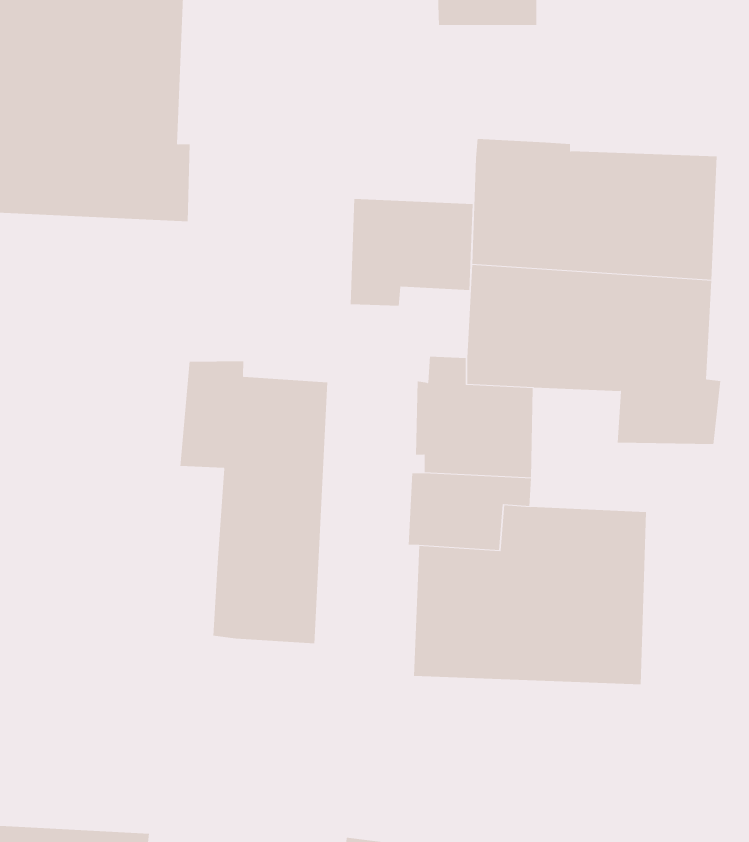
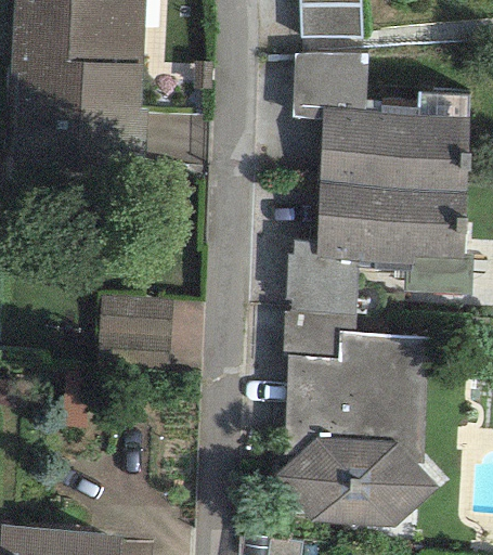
building: [350,198,474,306] -> [293,52,368,118]
building: [180,361,328,644] -> none
building: none -> [275,436,440,528]

